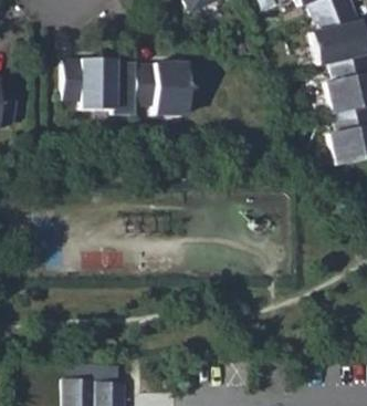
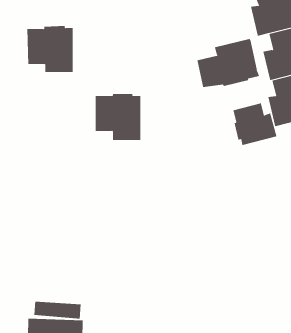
building: [136,61,187,113] -> [95,93,141,140]
building: none -> [197,38,260,88]
building: none -> [233,103,277,146]

